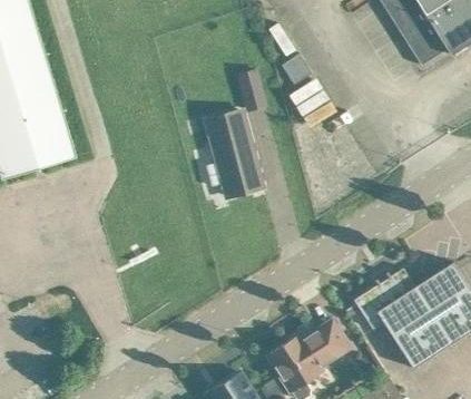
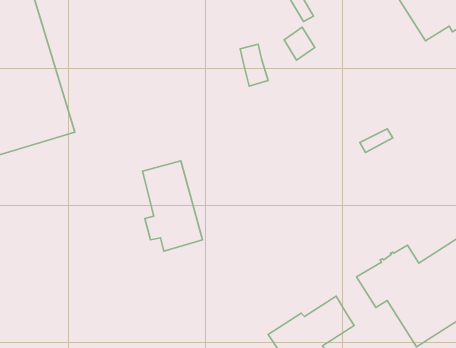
building: [204,108,263,197] -> [142,161,202,251]

